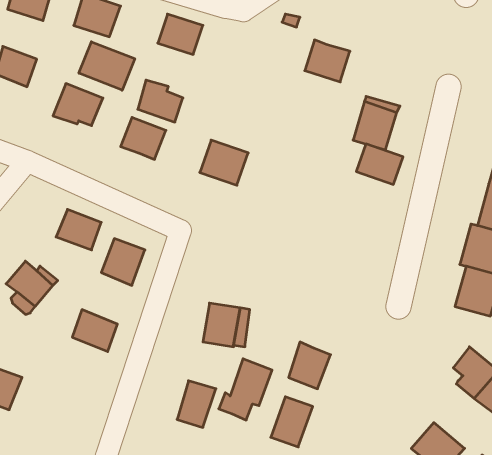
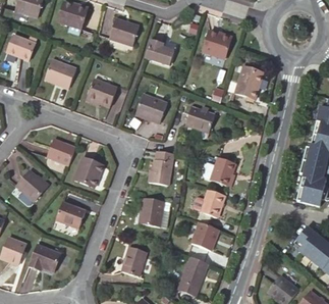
building: [79,42,135,90] -> none
building: [138,80,183,122] -> [147,40,175,66]
building: [356,144,403,184] -> [187,106,217,132]
building: none -> [150,151,175,184]
building: none -> [213,157,236,185]
building: [219,359,272,420] -> [193,187,226,225]
building: none -> [29,244,60,270]

